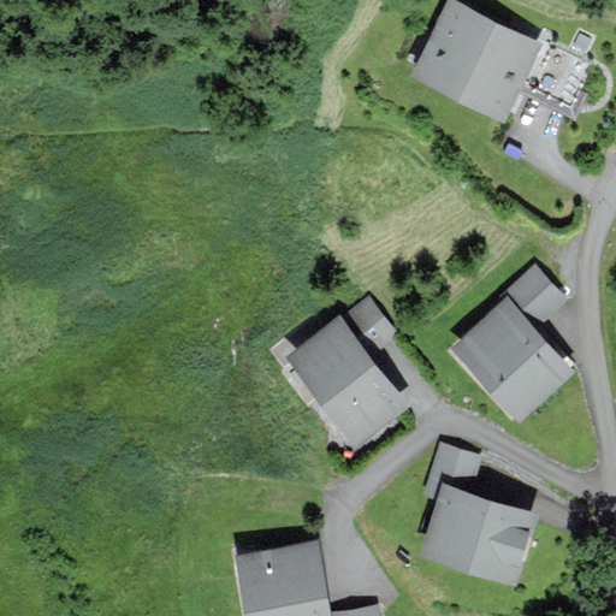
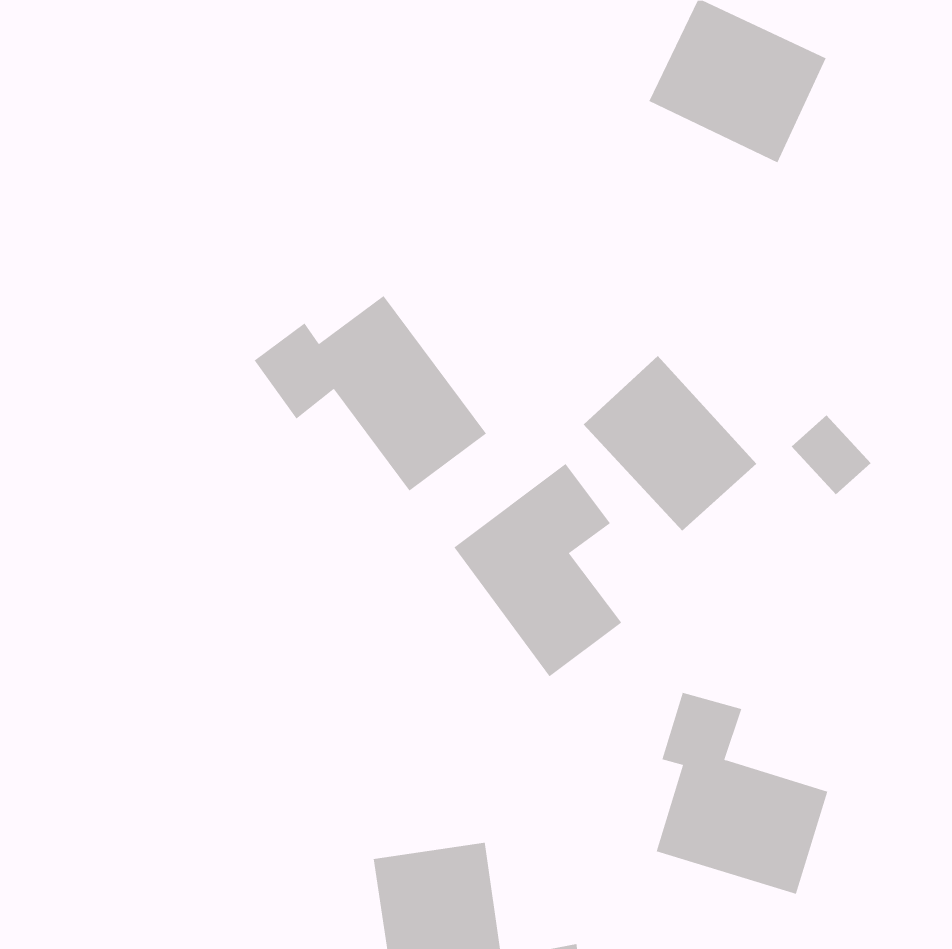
building: none -> [254,295,487,492]
building: [456,302,568,415] -> [583,355,757,532]

